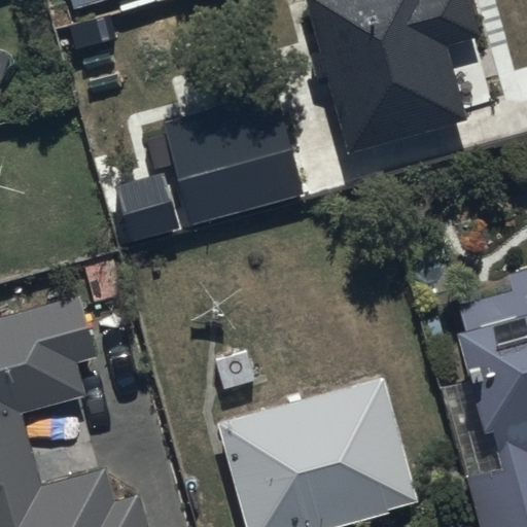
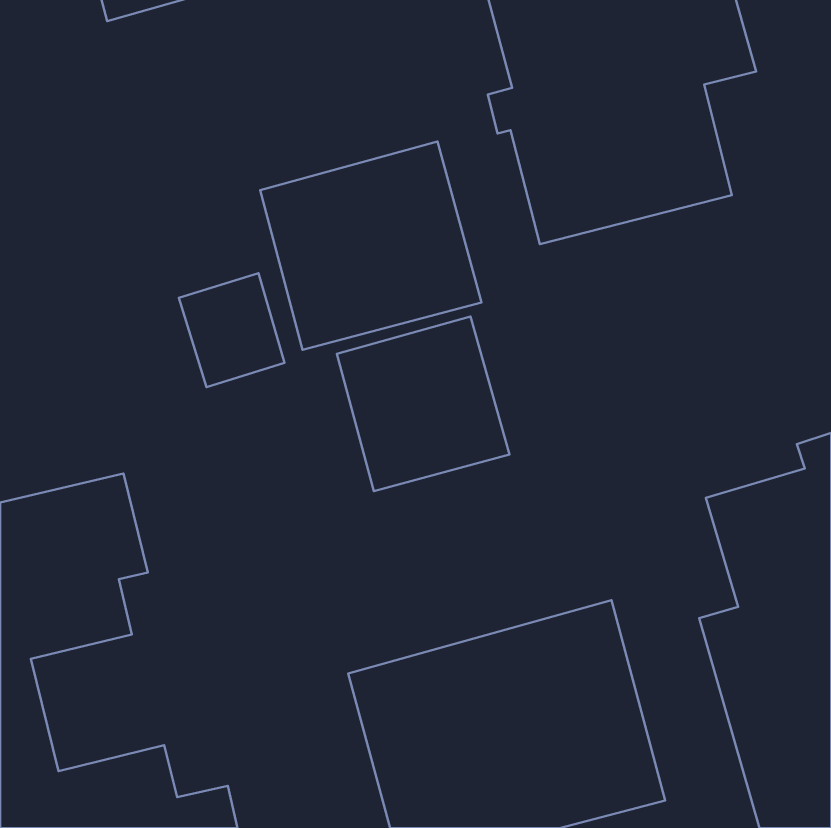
building: none -> [337,317,510,491]

